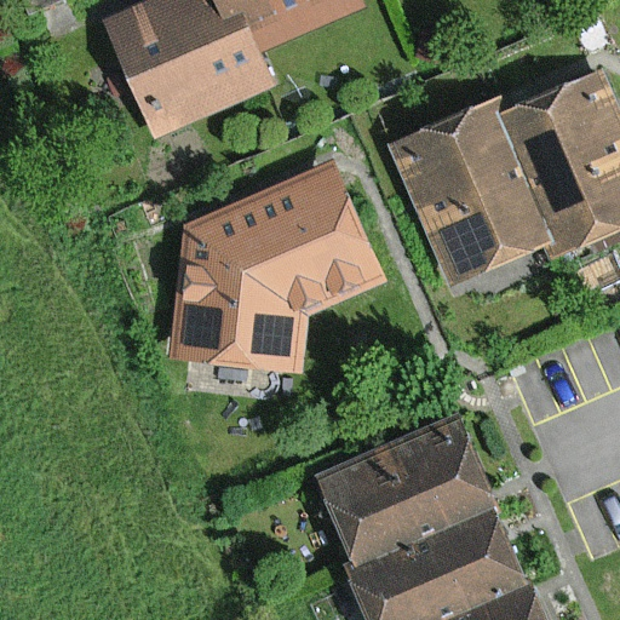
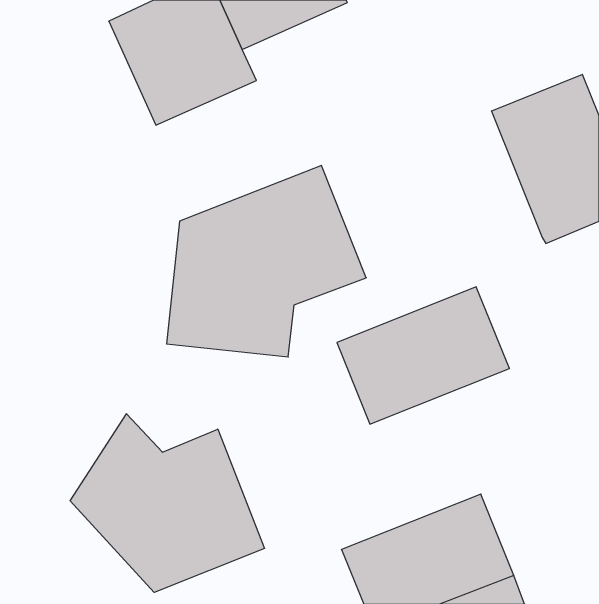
building: [391,98,556,287] -> none
building: [316,423,493,563] -> [337,287,509,424]
building: none -> [70,414,265,592]

